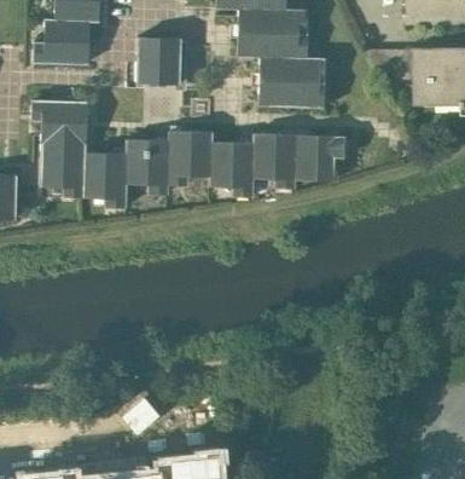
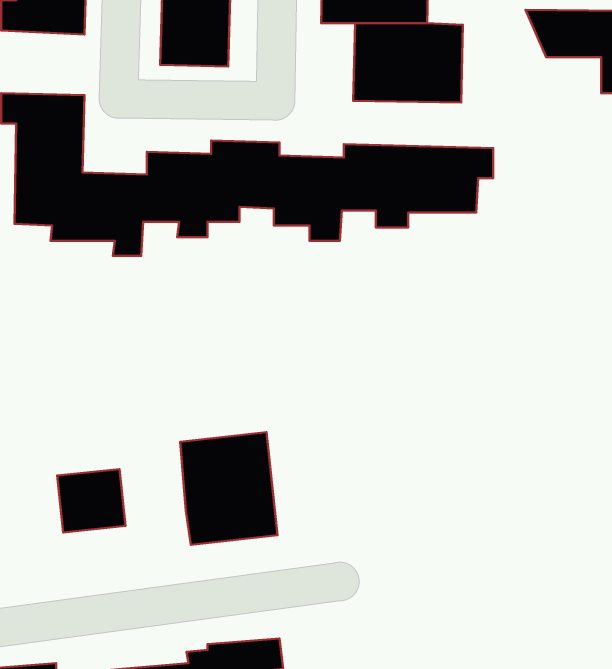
building: none -> [180,432,277,545]
building: none -> [57,469,126,532]

